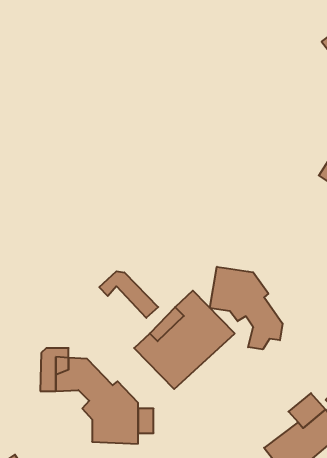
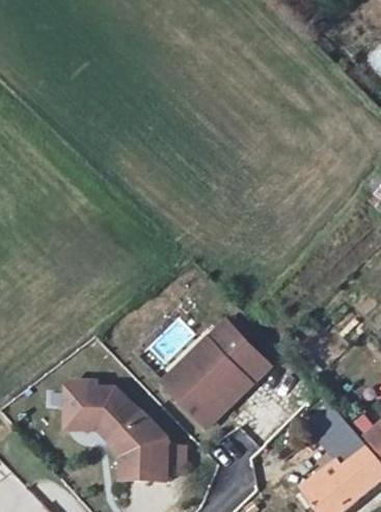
building: [210,267,283,349] -> none
building: [99,271,158,318] -> none

